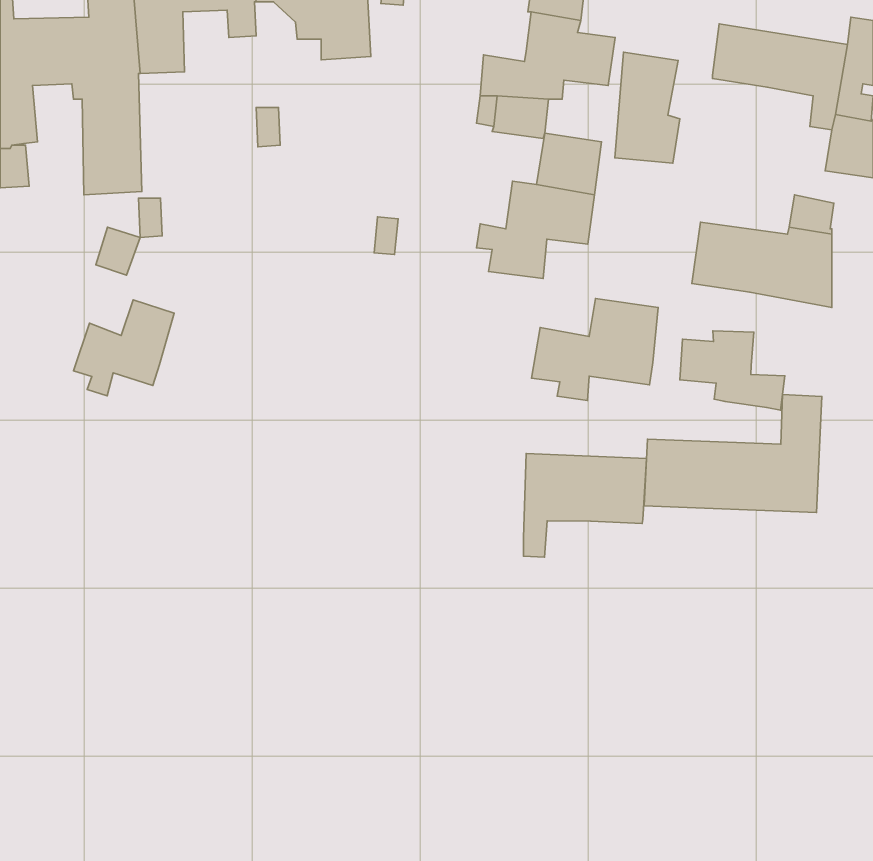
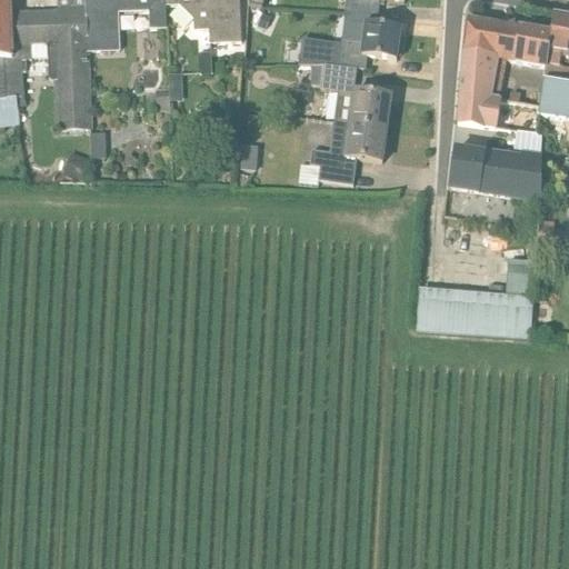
building: [615,52,680,163] -> [458,51,500,123]
building: [532,298,658,400] -> none
building: [73,300,174,396] -> none
building: [680,331,785,410] -> none
building: [523,454,646,557] -> none

